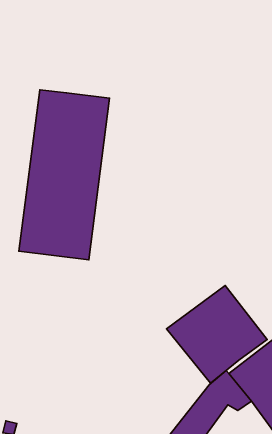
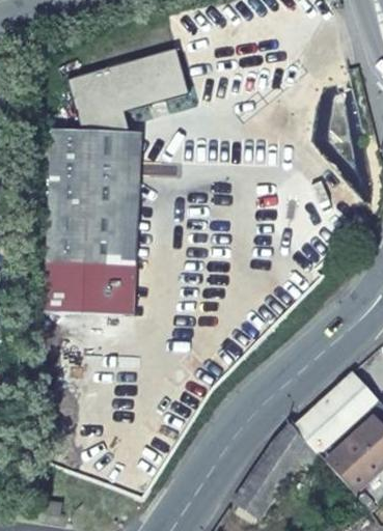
building: none -> [73,46,195,130]
building: [167,285,267,383] -> none

